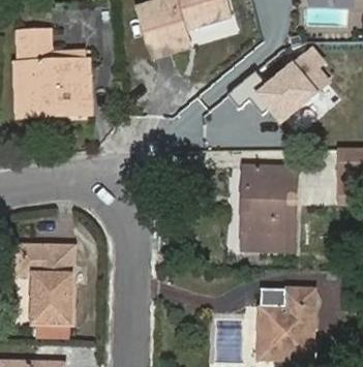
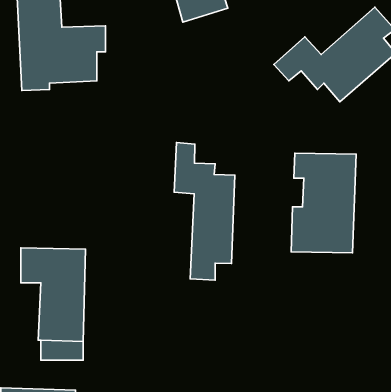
building: none -> [174,143,235,280]
building: [259,288,314,358] -> none

